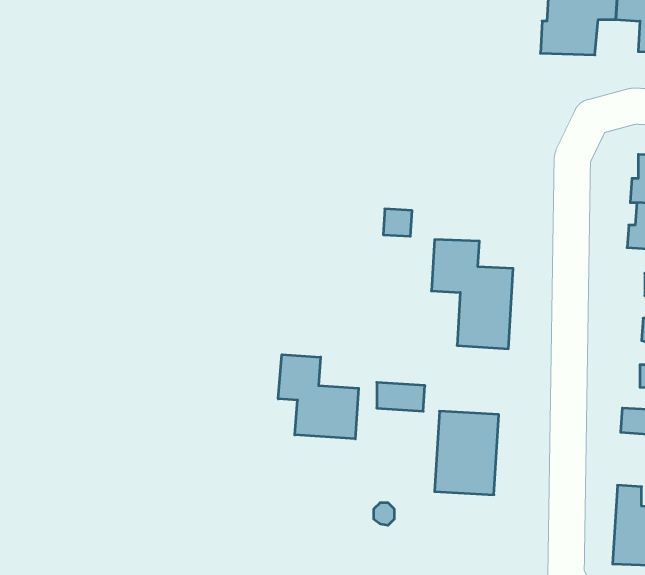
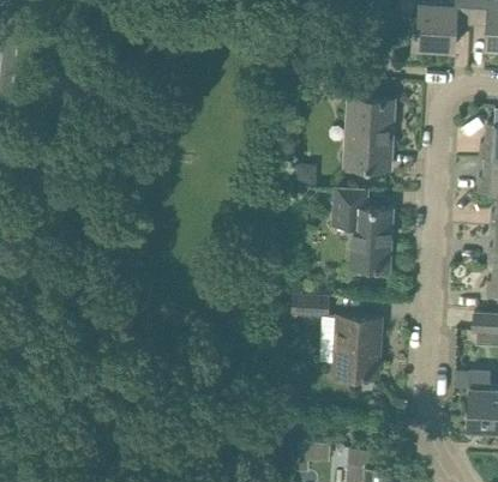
building: none -> [346,97,394,171]
building: [278,355,359,439] -> none

